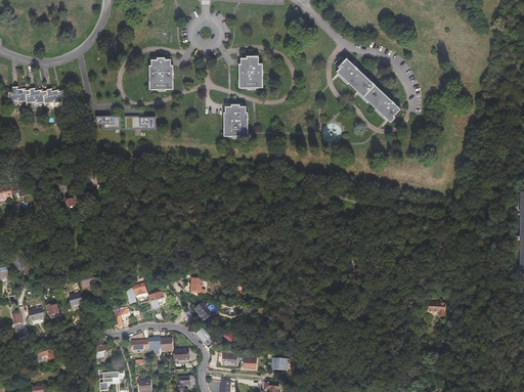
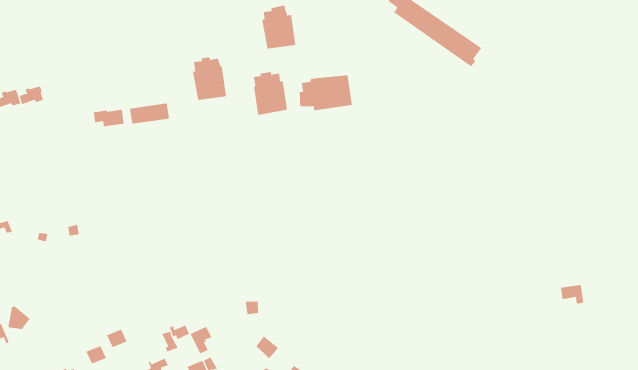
building: [146,56,170,88] -> [192,57,227,101]
building: none -> [299,74,352,111]

